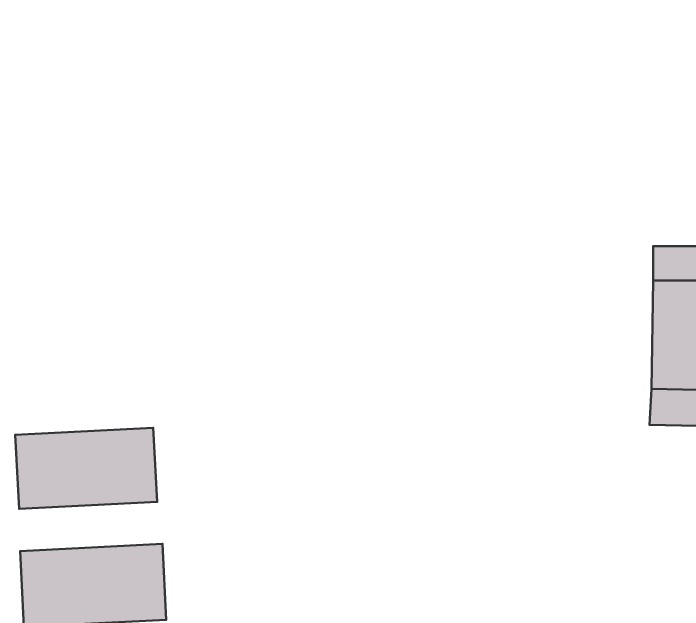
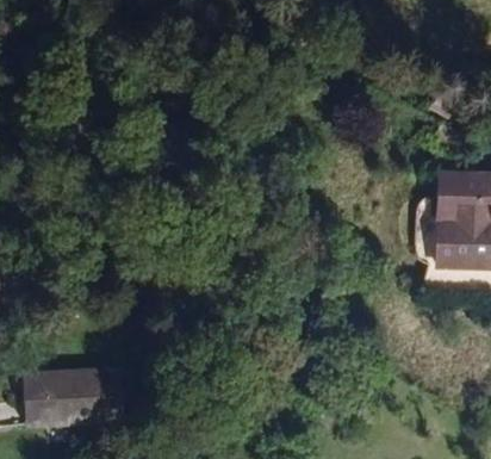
building: [15,428,157,509] -> none

